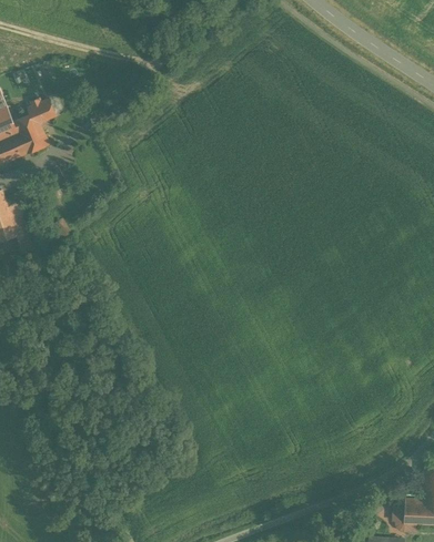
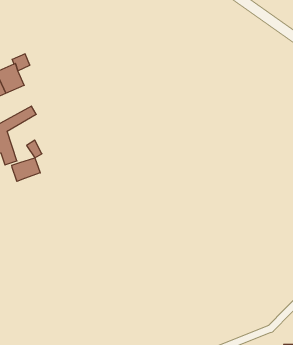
building: none -> [12,158,40,181]

